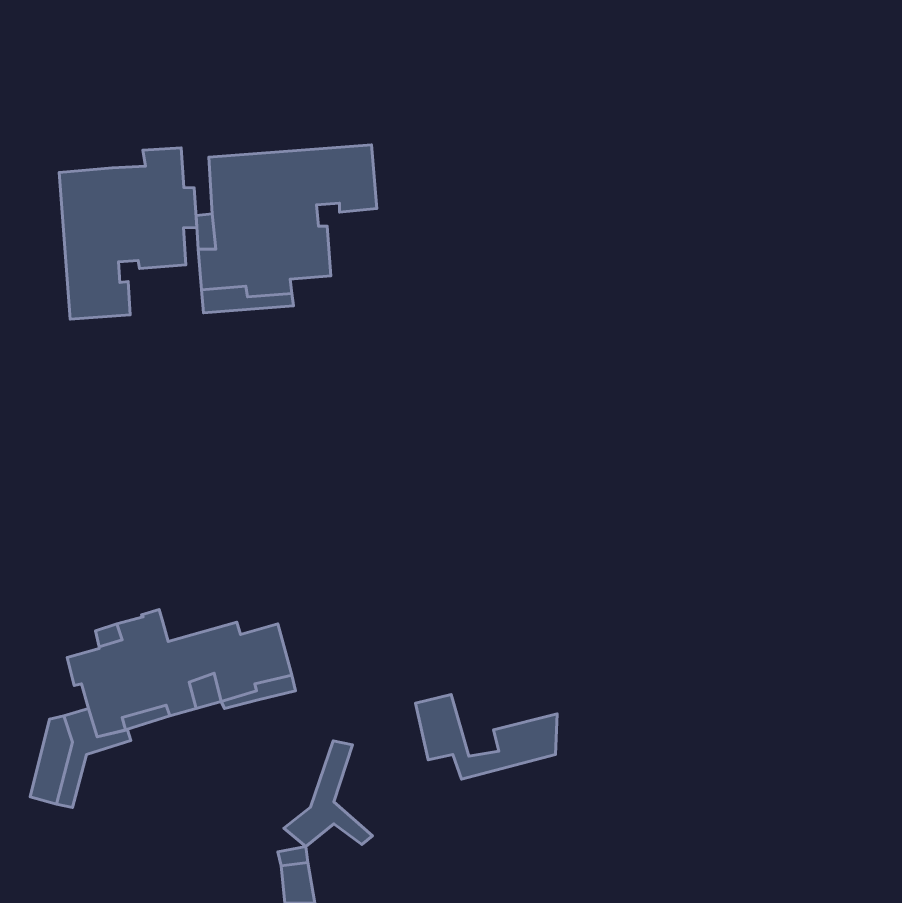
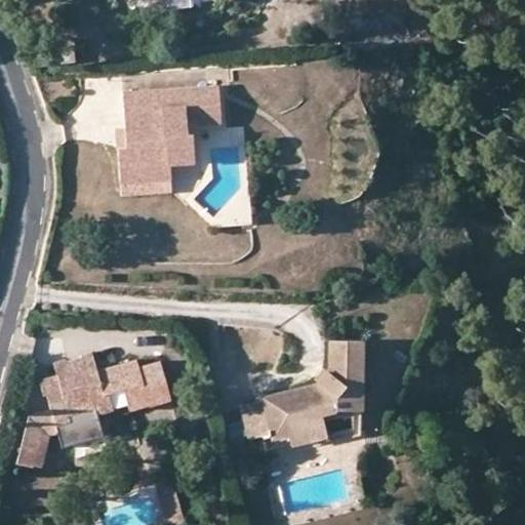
building: [59,148,197,319] -> none
building: none -> [262,341,364,439]
building: [284,741,373,846] -> none

